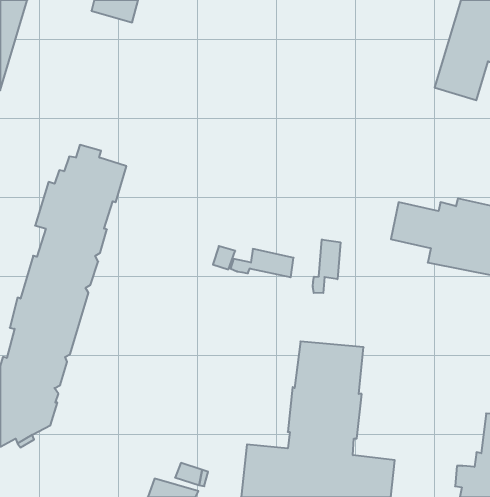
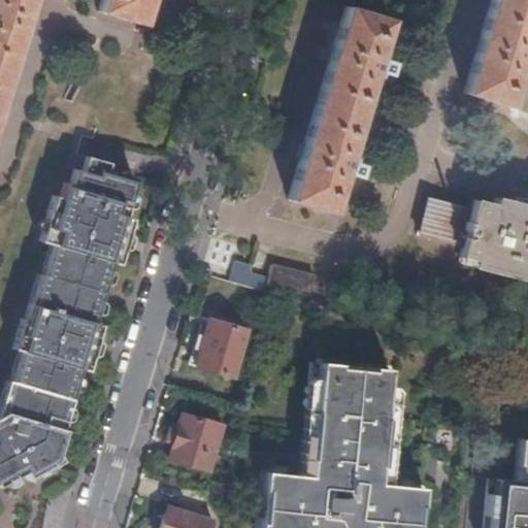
building: none -> [294,7,394,212]
building: [313,239,340,293] -> none
building: none -> [200,319,251,376]
building: none -> [173,414,226,470]

